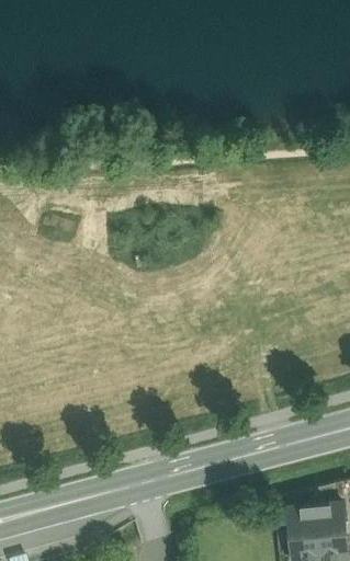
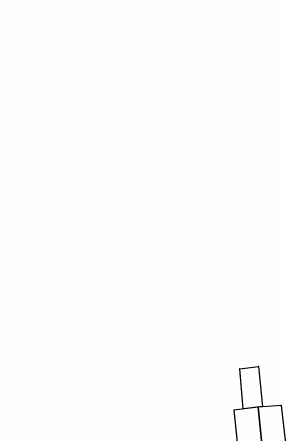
building: none -> [240,366,263,409]

